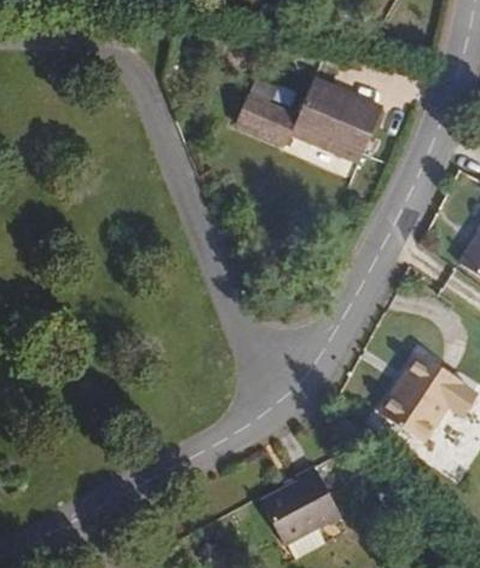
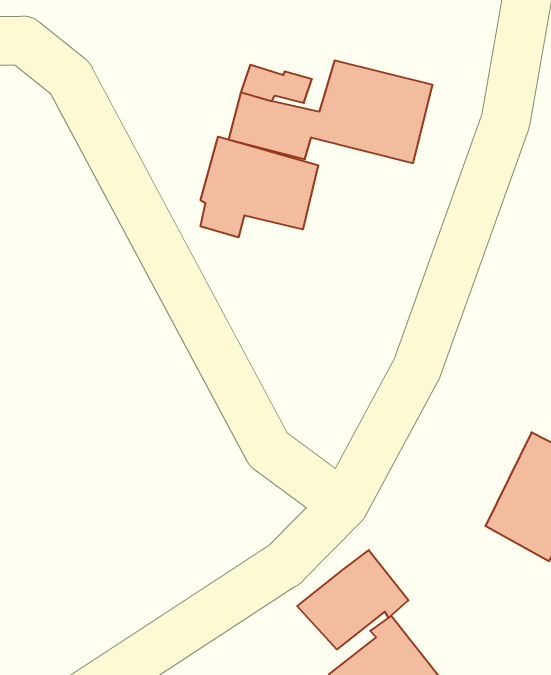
building: none -> [201,137,318,237]
building: none -> [297,550,409,649]

